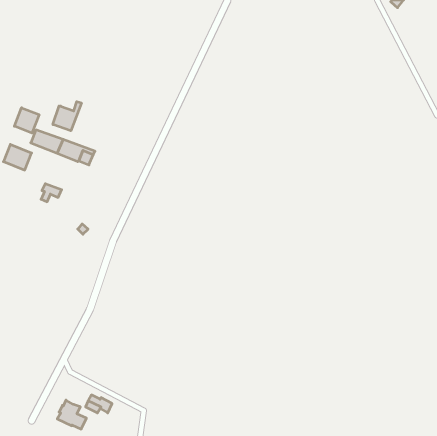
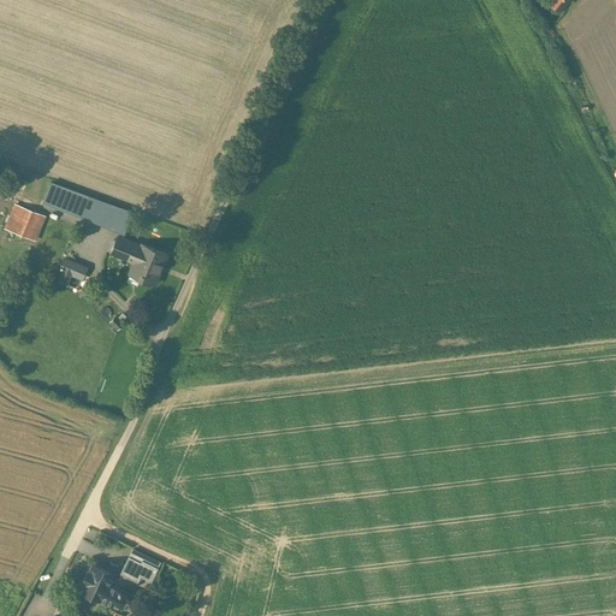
building: [53,102,81,131] -> none
building: [14,108,39,133] -> none
building: none -> [111,237,166,284]

